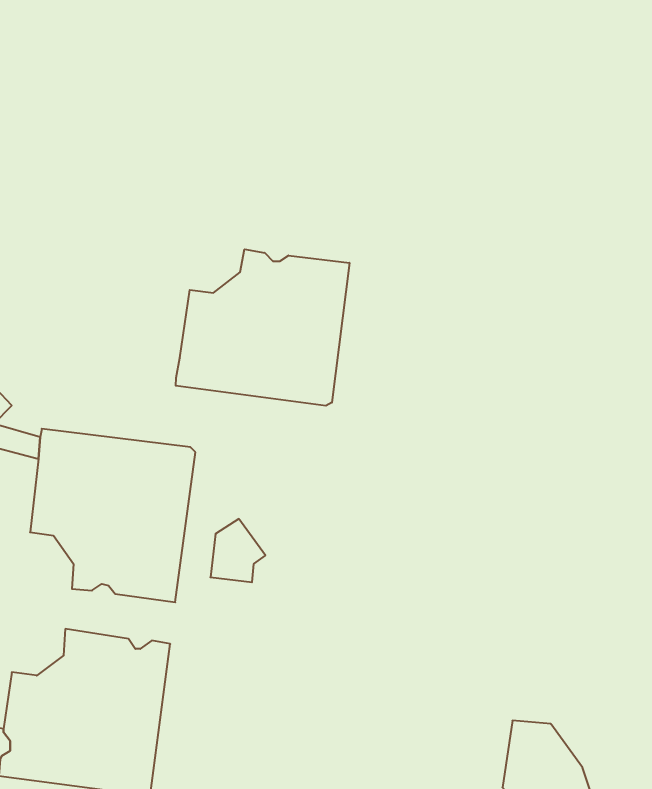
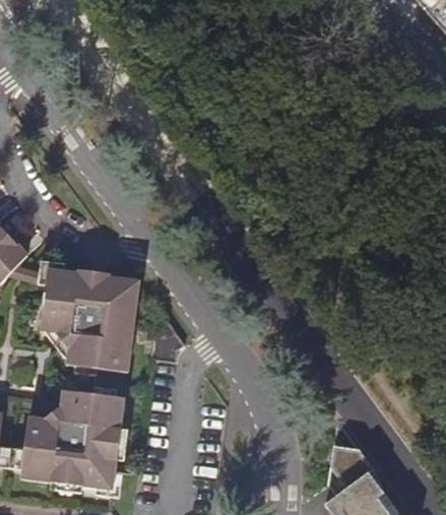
building: [176,249,349,406] -> none

